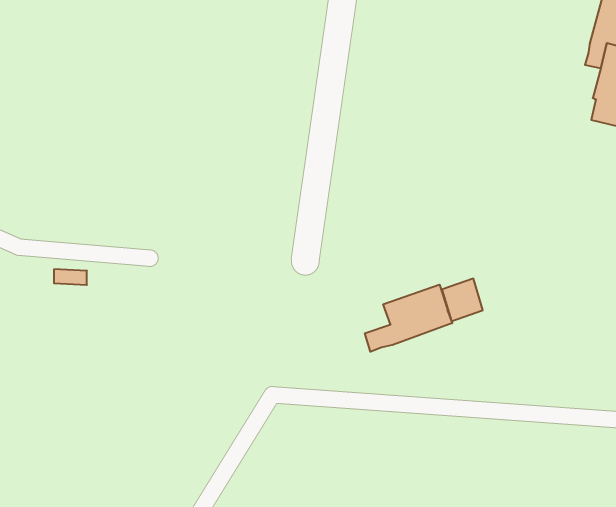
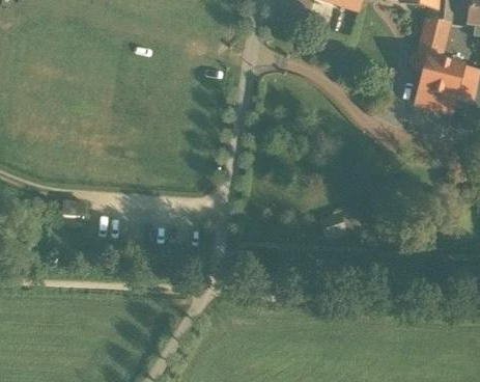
building: [365,285,452,352] -> none

